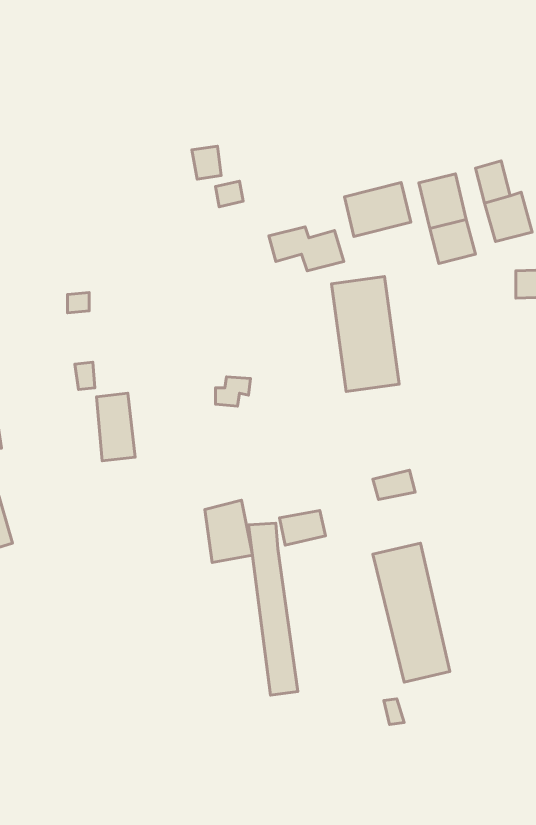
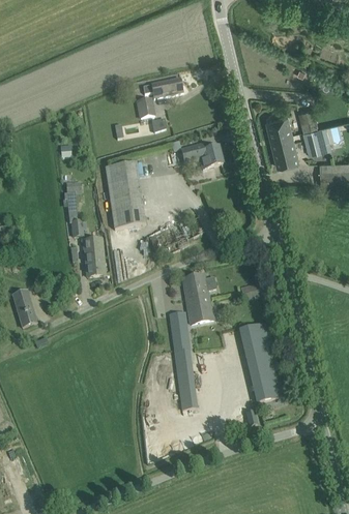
building: none -> [150,77,182,97]
building: [344,183,411,236] -> none
building: [331,276,399,392] -> [106,161,144,226]
building: [205,500,252,562] -> [182,272,209,307]

